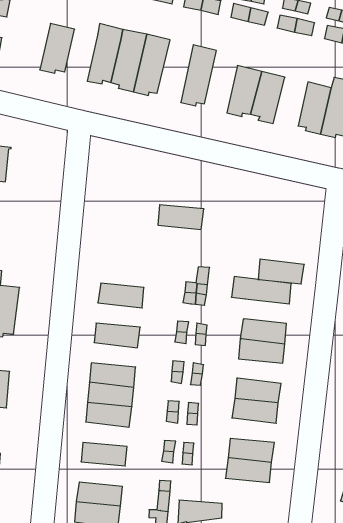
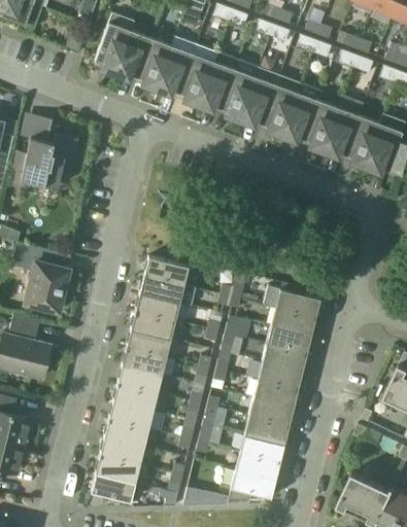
building: none -> [94,13,134,72]
building: none -> [137,39,172,89]
building: none -> [219,61,259,119]
building: none -> [262,76,301,135]
building: none -> [323,109,360,155]
building: [158,205,204,229] -> [144,257,189,285]
building: [258,259,304,284] -> [271,308,315,336]
building: none -> [135,293,179,321]
building: none -> [126,329,170,357]
building: none -> [258,362,302,390]
building: none -> [244,416,289,444]
building: none -> [108,401,152,429]
building: none -> [100,437,144,465]
building: none -> [228,470,275,500]

